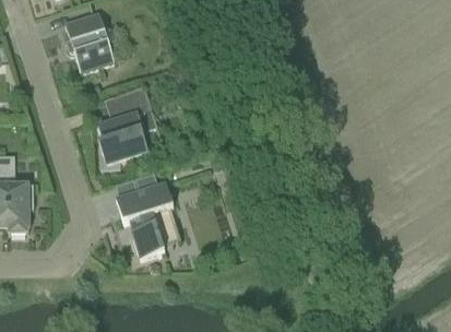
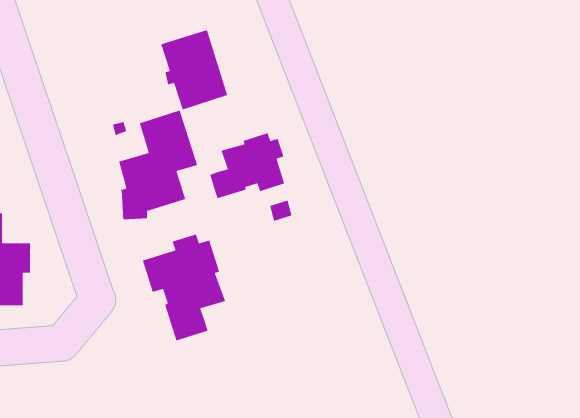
building: [63,12,114,72] -> [160,29,228,110]
building: none -> [209,132,285,199]

